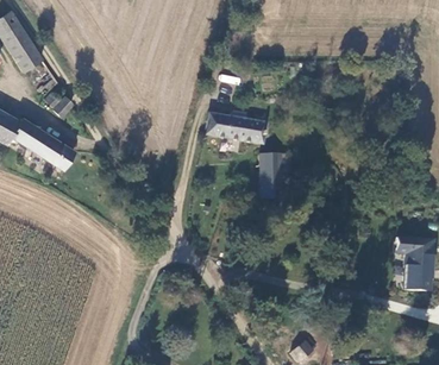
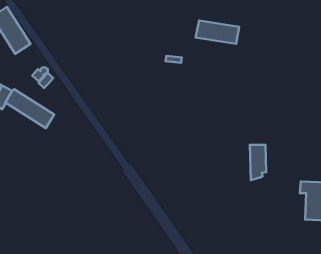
building: [208,113,265,144] -> [195,20,239,44]
building: [261,155,282,201] -> [250,145,266,180]

